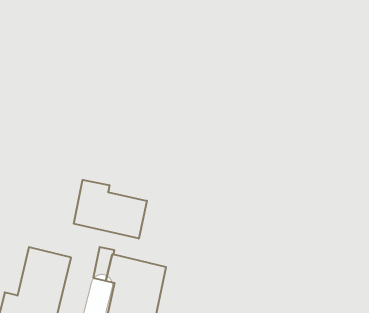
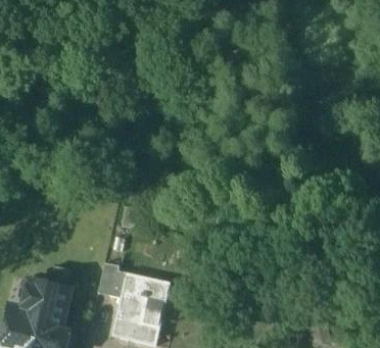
building: [74,180,147,239] -> none

